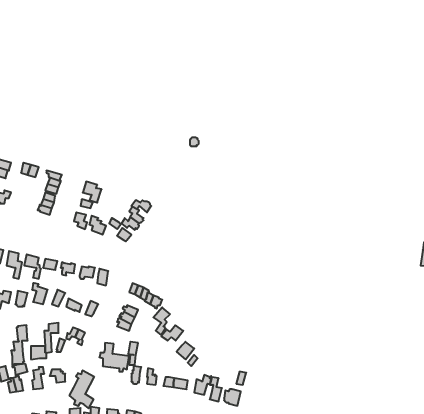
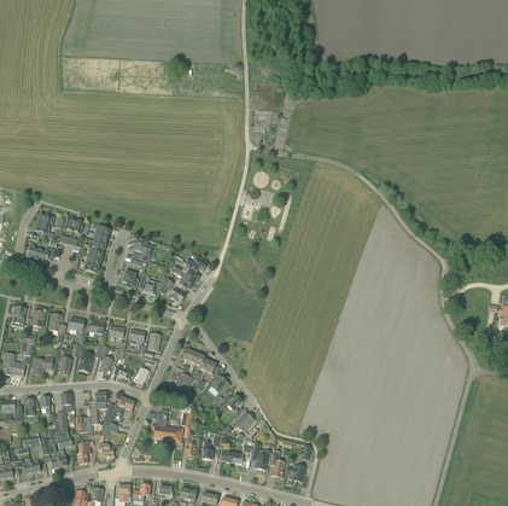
building: [70,370,94,408] -> none

